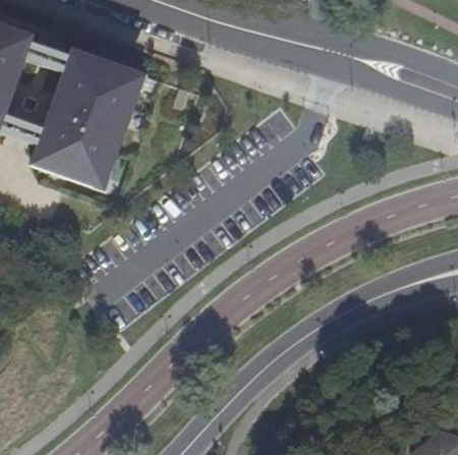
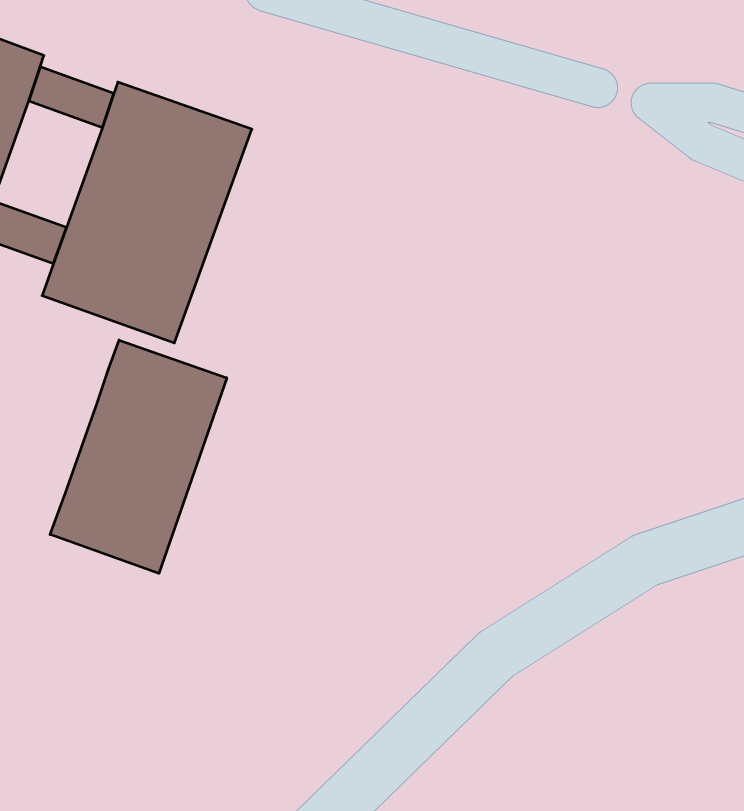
building: none -> [50,340,227,573]

